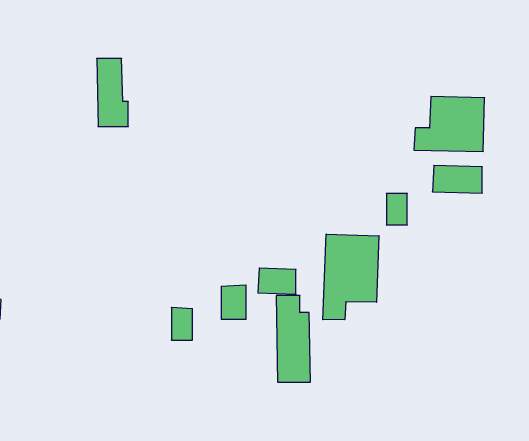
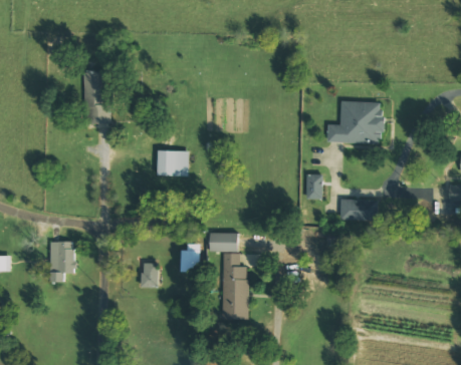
building: none -> [156,149,189,175]
building: [432,166,482,193] -> [339,199,378,220]
building: [323,234,379,320] -> none
building: none -> [50,241,75,282]

